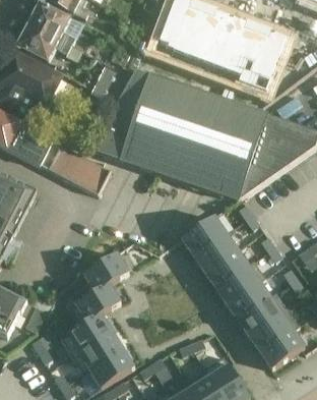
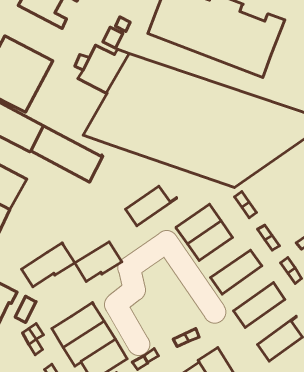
building: [17,22,71,61] -> none
building: [204,248,254,287] -> [125,186,177,226]
building: [227,276,276,320] -> none
building: [69,282,121,325] -> [21,243,75,287]
building: [249,308,299,352] -> none

